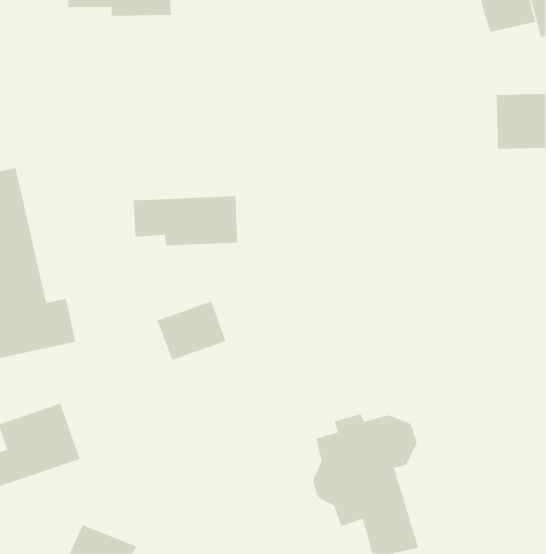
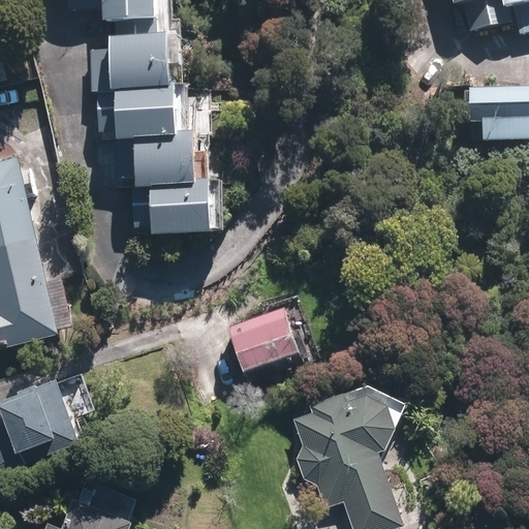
building: none -> [87,37,192,89]
building: none -> [90,89,190,136]
building: none -> [110,137,209,186]
building: [156,301,226,361] -> [231,306,298,363]

